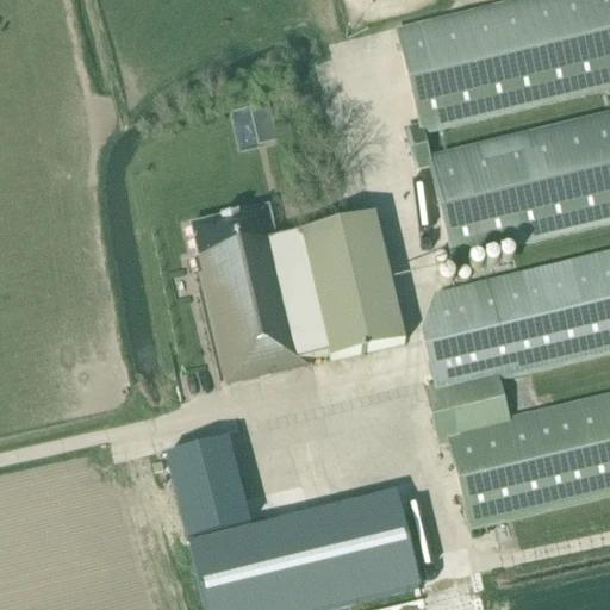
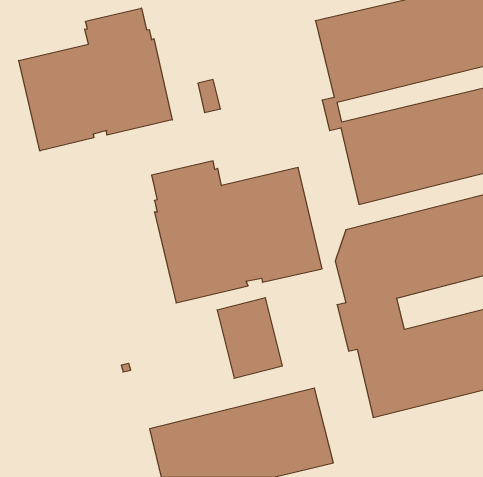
building: none -> [19,8,172,151]
building: [167,436,249,537] -> [217,298,282,378]

